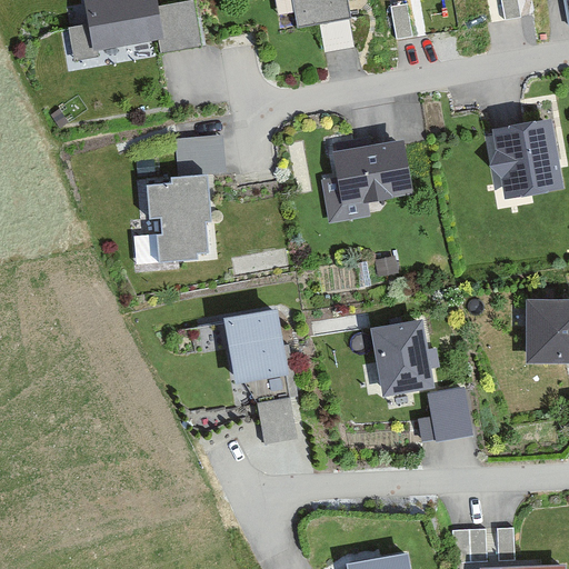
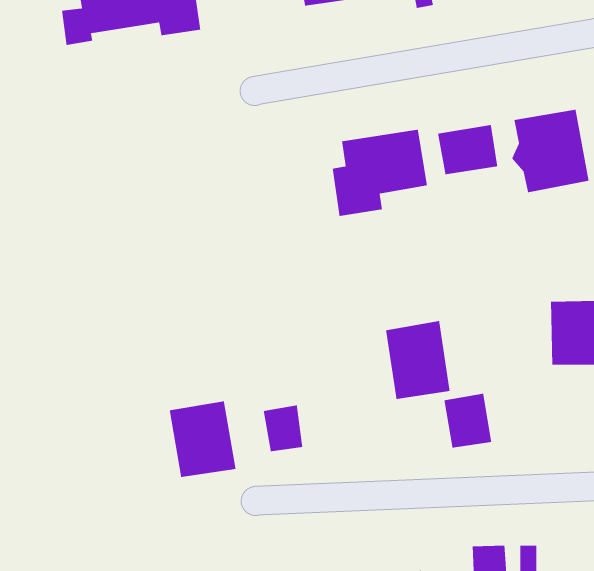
building: [146,136,226,259] -> none
building: none -> [437,124,498,175]
building: [222,308,286,380] -> [169,400,236,478]

